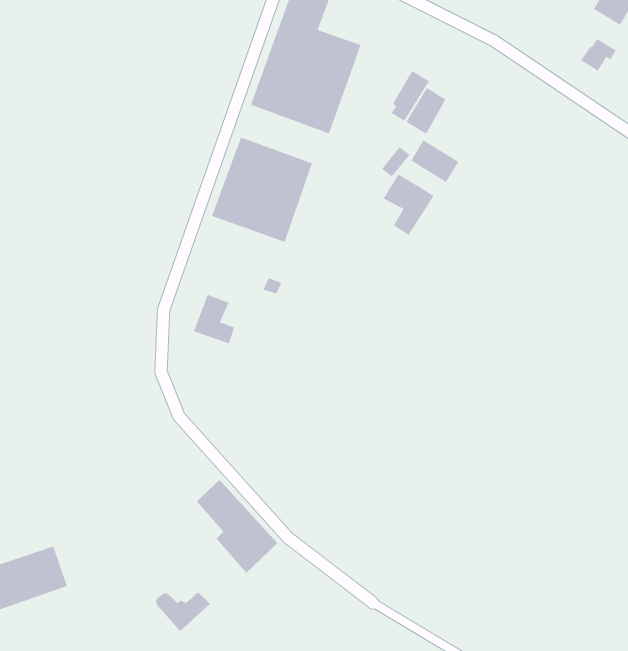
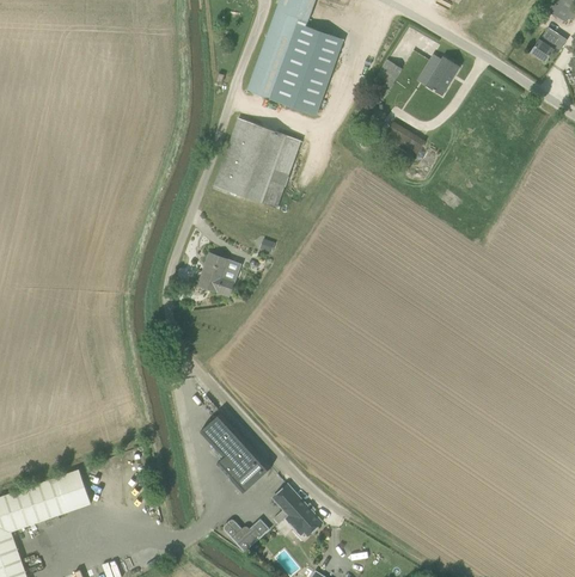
building: [406,87,446,134] -> [424,56,459,97]
building: [383,173,434,236] -> none
building: none -> [273,485,322,540]
building: [155,591,211,632] -> [222,518,270,553]

